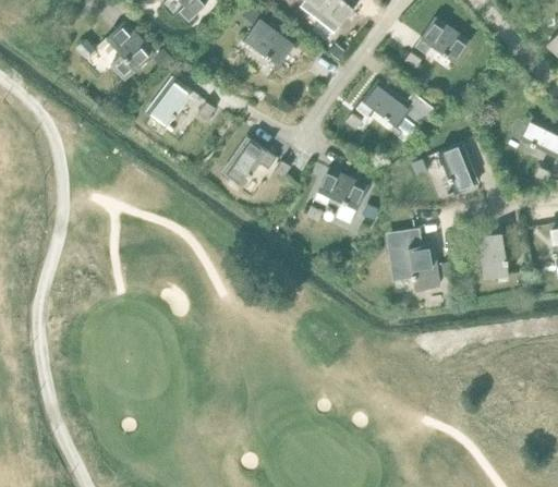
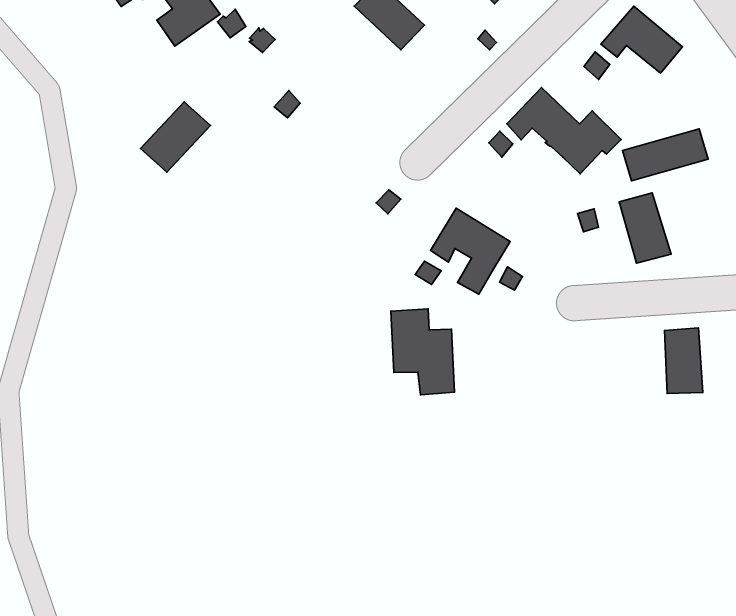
building: [146,77,192,126] -> [140,102,210,172]
building: none -> [623,129,708,181]
building: [222,137,276,186] -> none
building: [389,232,438,291] -> [391,309,454,395]

